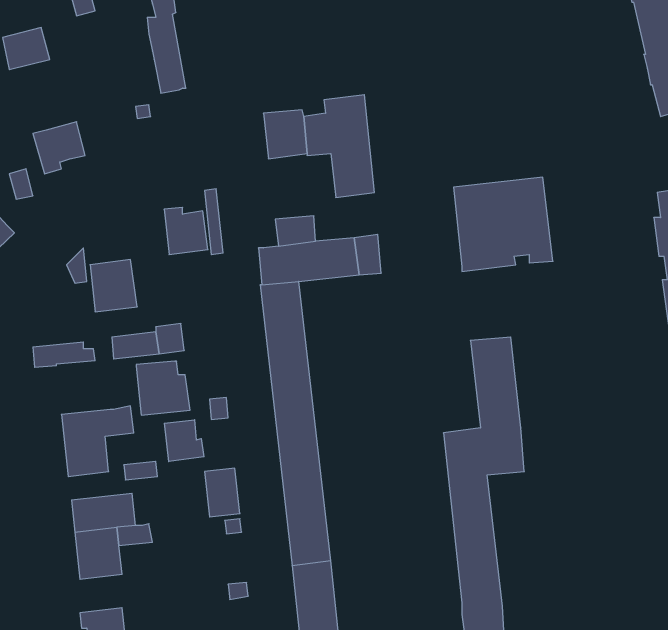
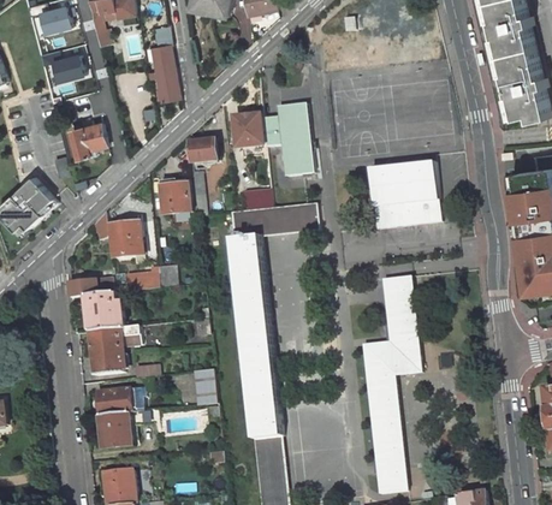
building: none -> [186,138,216,162]
building: [136,361,190,415] -> [84,292,123,331]
building: [164,420,204,462] -> none

